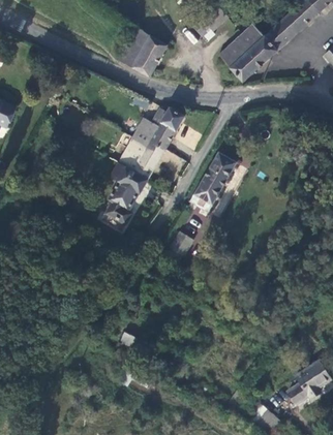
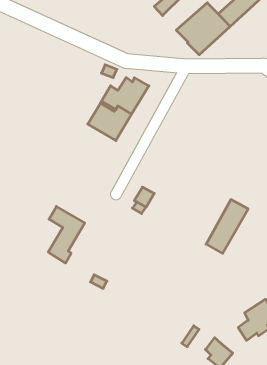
building: [116,29,166,77] -> none
building: [190,152,238,213] -> [206,200,248,253]
building: [108,161,149,225] -> [48,206,85,263]

